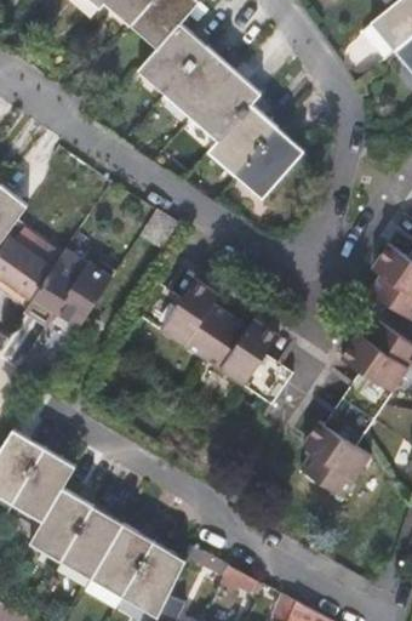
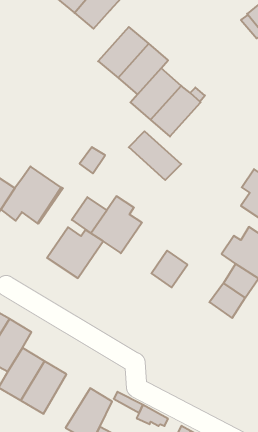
building: [142,22,210,92] -> none
building: none -> [129,131,181,180]
building: [199,315,276,386] -> [47,227,103,278]
building: [297,422,368,500] -> none
building: [92,525,156,599] -> none

